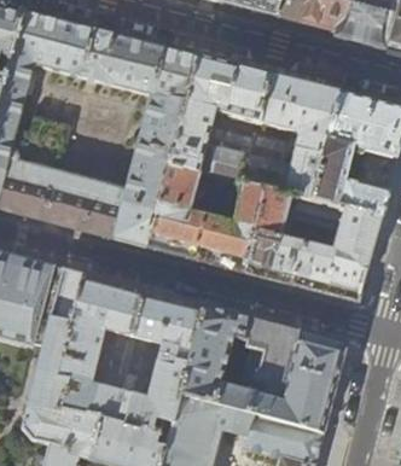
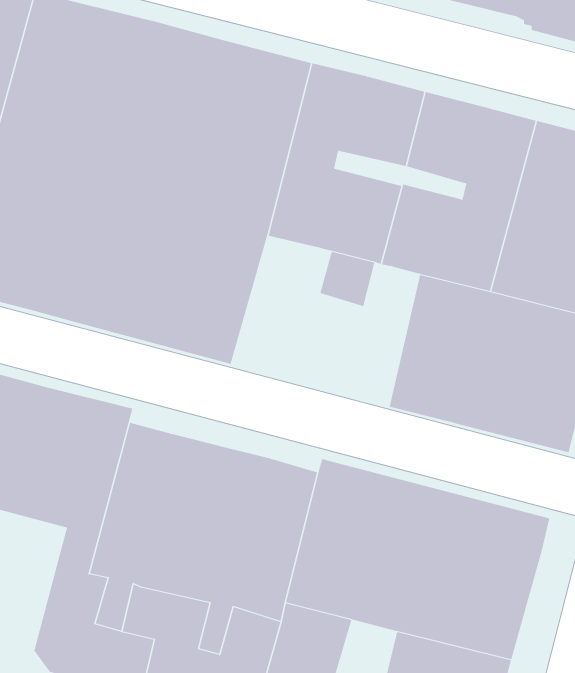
building: [147,164,266,272] -> none

